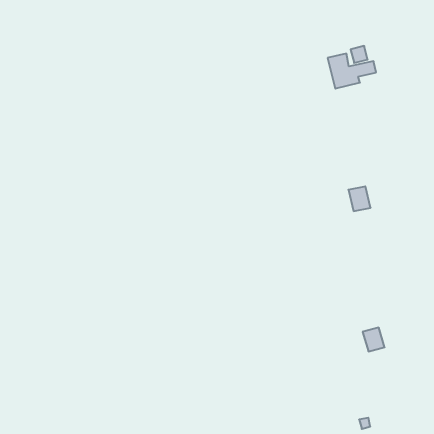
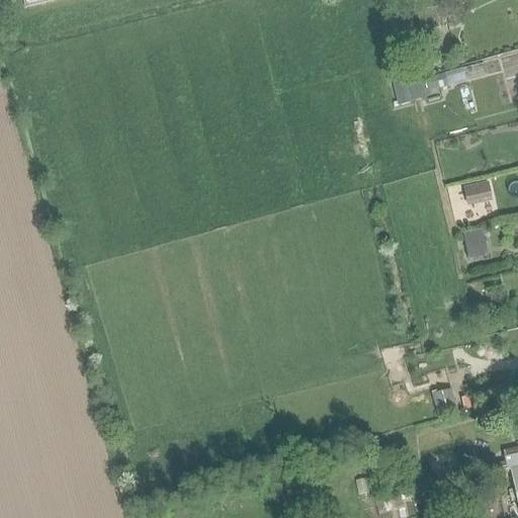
building: none -> [462,181,491,203]
building: [348,186,371,211] -> [463,230,490,259]

